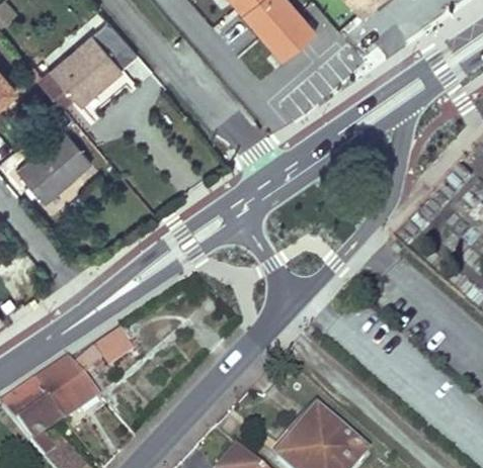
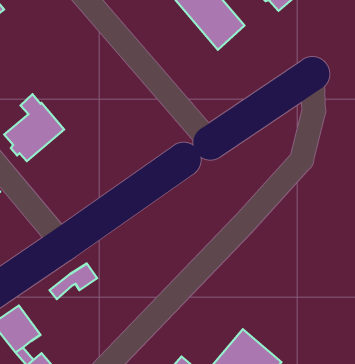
building: [38,21,137,105] -> none
building: [33,359,97,419] -> none

